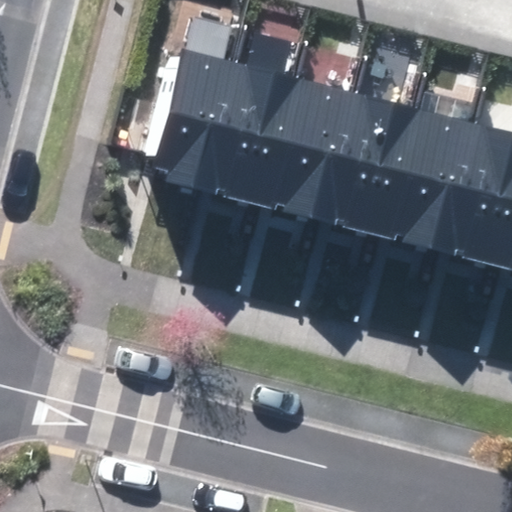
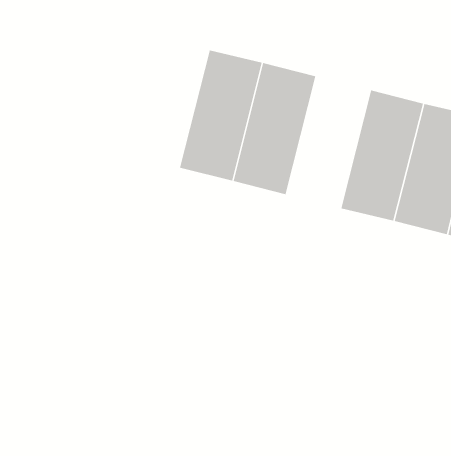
building: [152,48,244,193] -> none
building: [329,92,422,238] -> none

